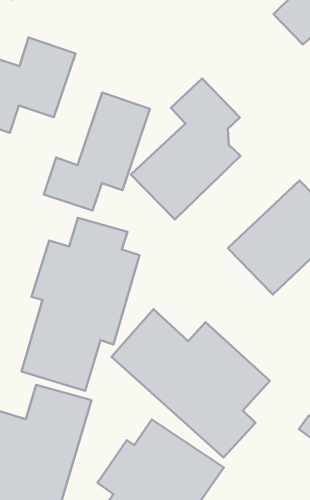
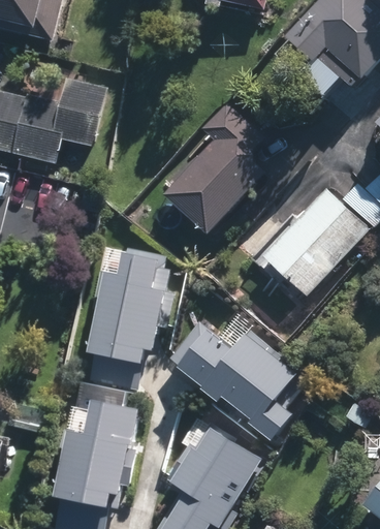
building: [44,93,150,211] -> none

